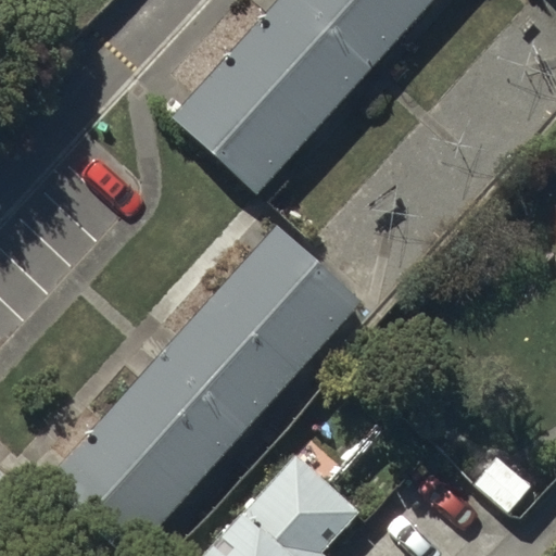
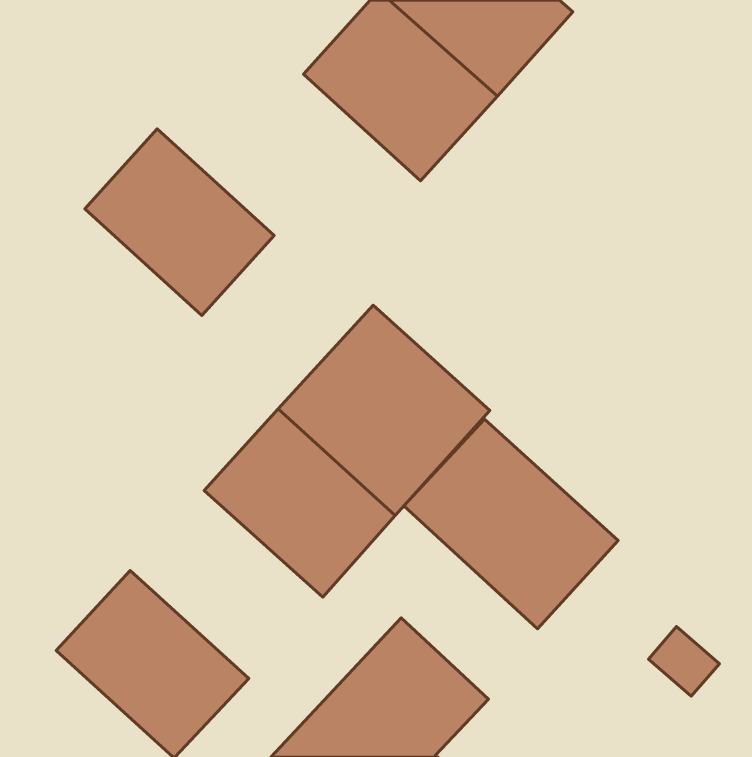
building: [173,54,312,191] -> [85,129,274,316]
building: none -> [404,419,618,629]
building: [99,359,240,497] -> none

